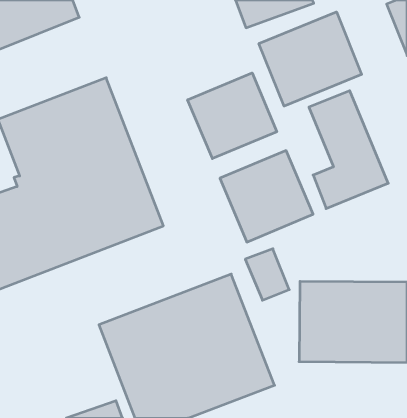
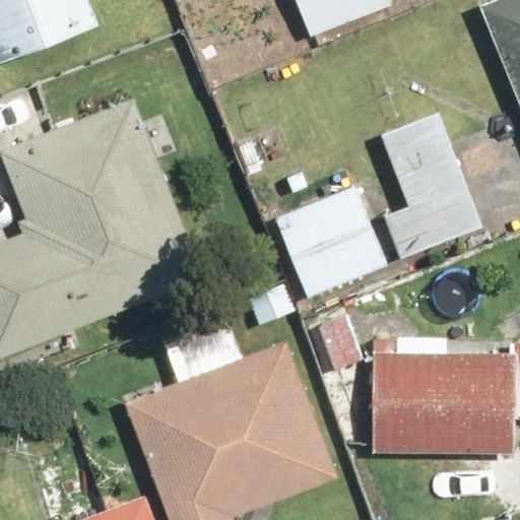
building: [259,12,362,106] -> none
building: [188,73,277,159] -> none

